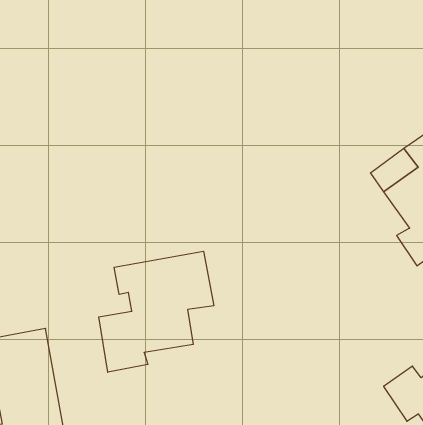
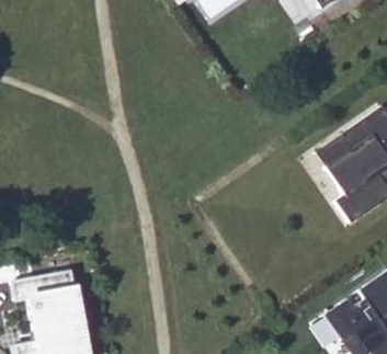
building: [99,251,214,372] -> none

